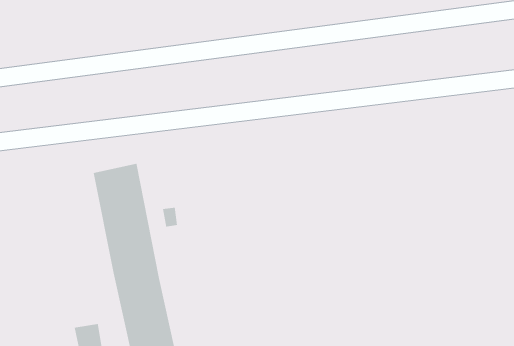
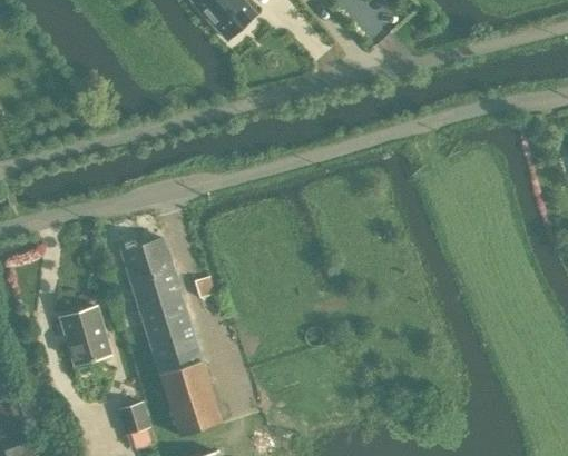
building: none -> [60,305,111,363]

